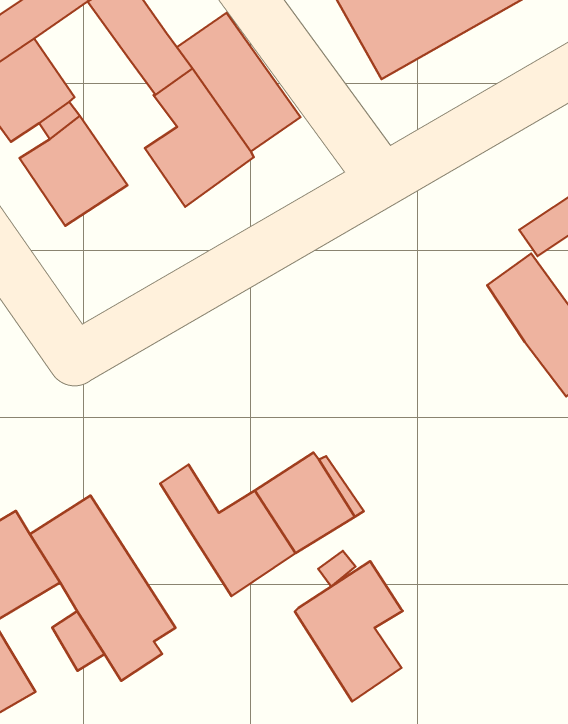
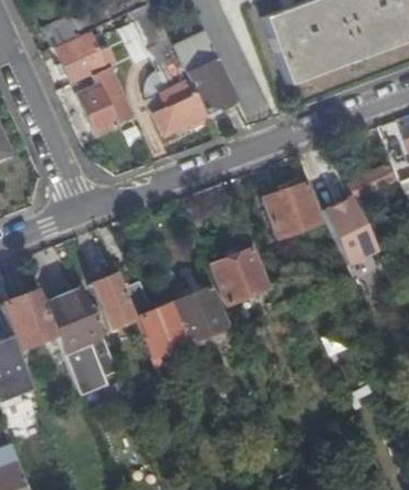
building: none -> [263,181,323,238]
building: none -> [210,248,270,304]
building: none -> [90,274,135,330]
building: [295,561,403,701] -> none

